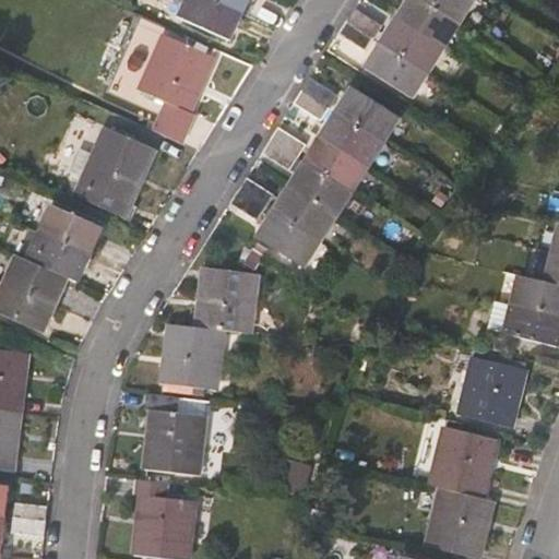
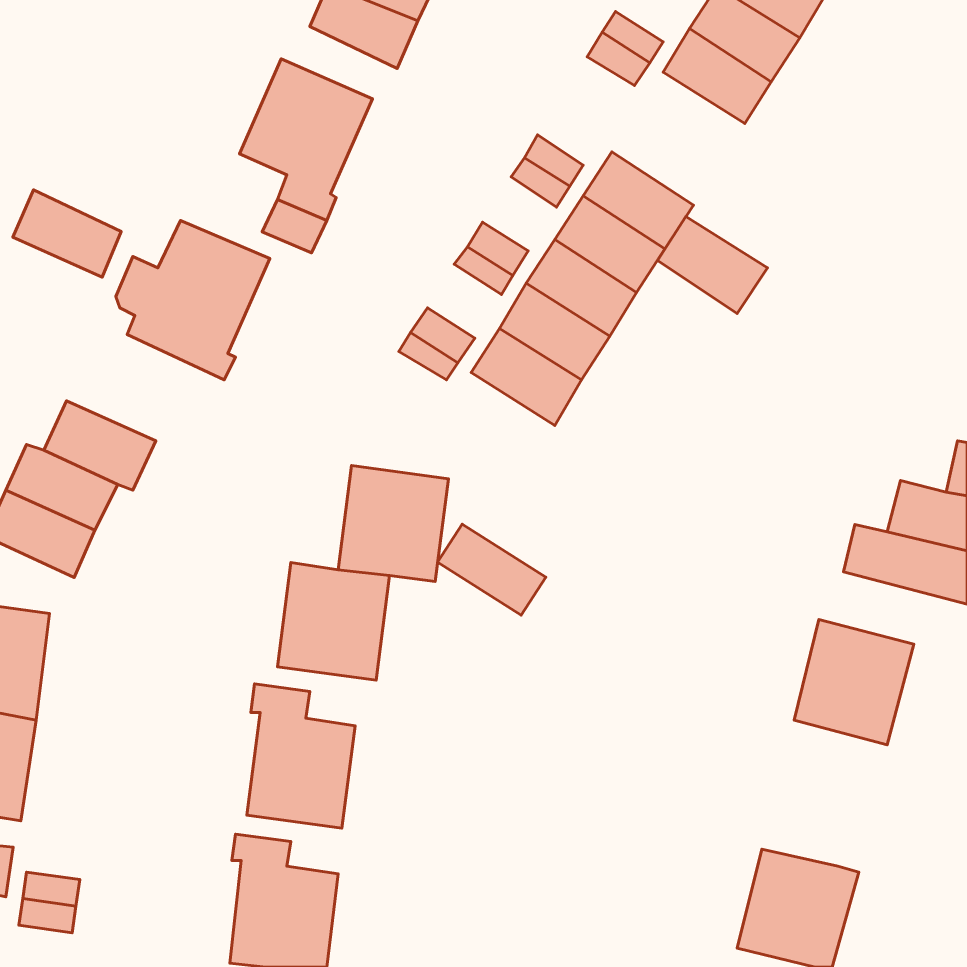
building: [365,41,428,97] -> [657,217,768,314]
building: [38,203,100,253] -> [13,190,121,277]
building: [257,214,319,266] -> [438,524,546,615]
building: [427,427,496,498] -> none

